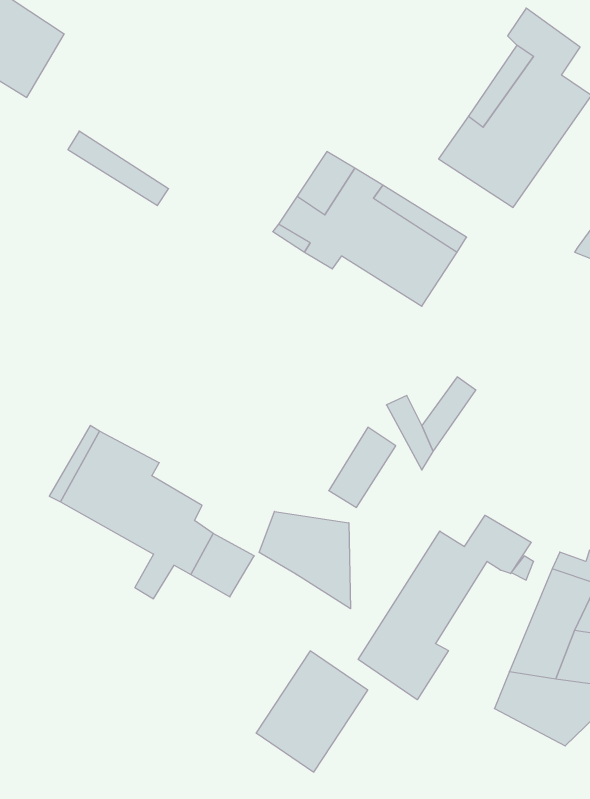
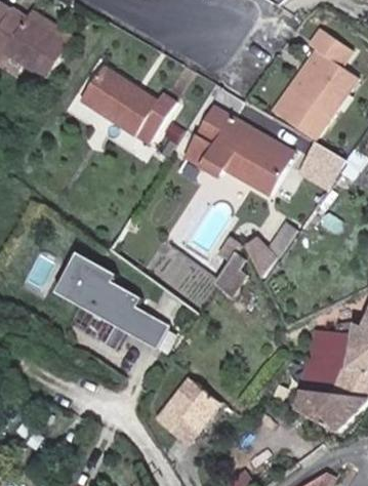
building: none -> [84,59,177,135]
building: none -> [302,140,346,180]
building: [259,511,350,609] -> none
building: [358,515,531,700] -> none

